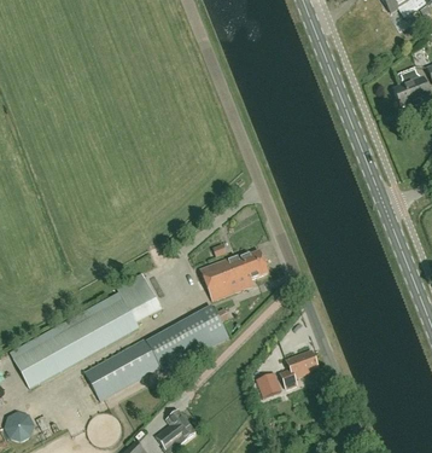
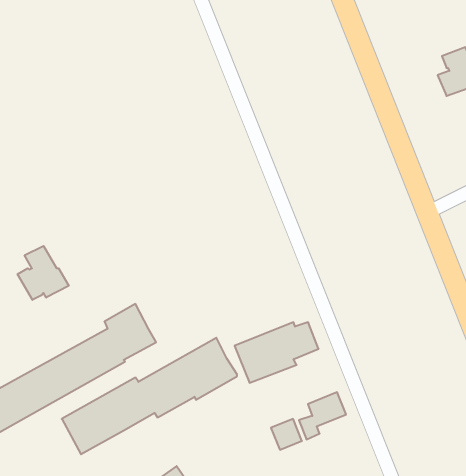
building: none -> [18,246,69,300]
building: [199,250,268,300] -> [235,322,319,383]

